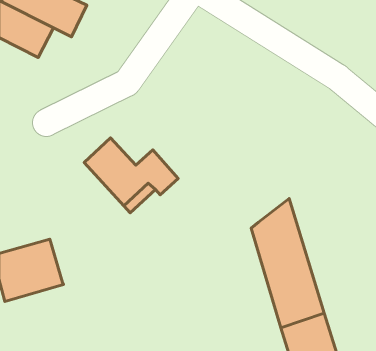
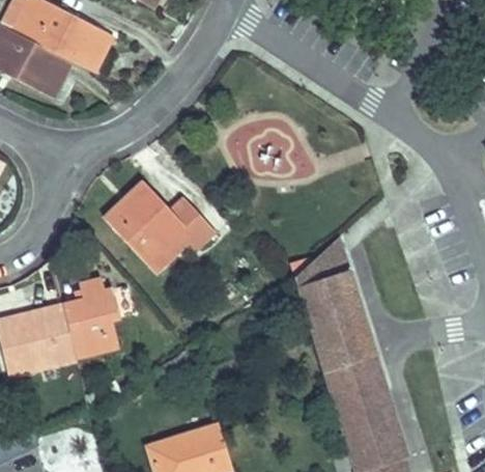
building: none -> [66,272,125,350]

